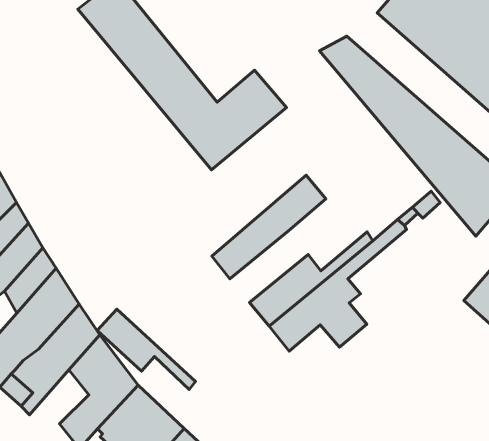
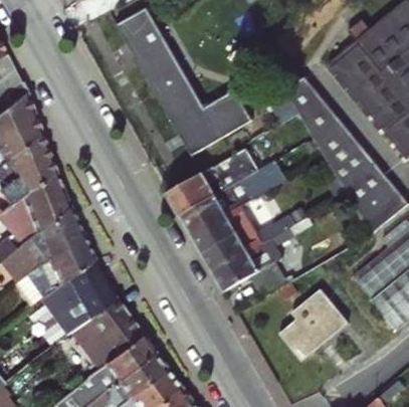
building: none -> [168,148,258,216]
building: none -> [192,207,250,253]
building: [97,309,195,389] -> none
building: none -> [280,289,349,362]

